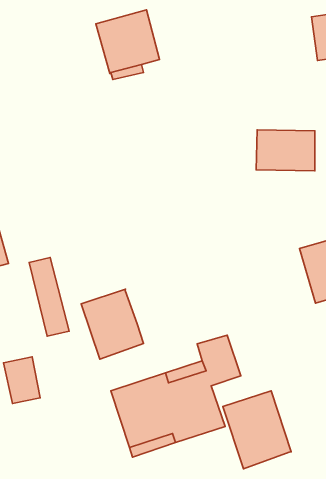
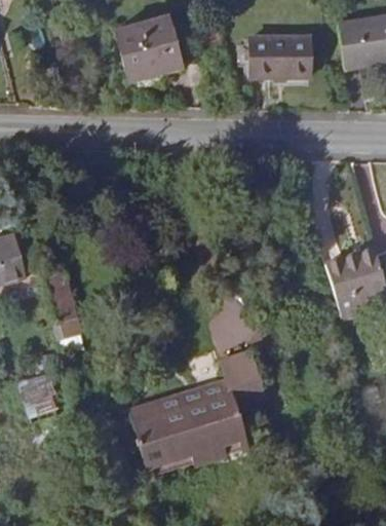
building: [256,130,315,171] -> [249,35,310,77]
building: [81,289,144,359] -> none
building: [223,391,291,469] -> none

